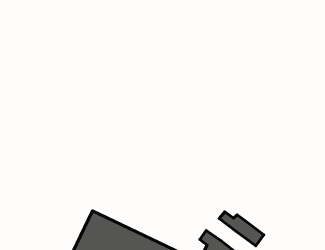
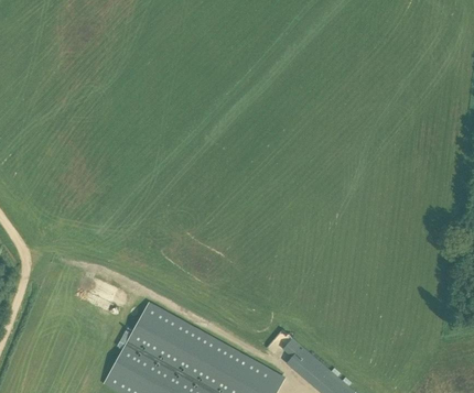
building: [219,212,264,246] -> none

